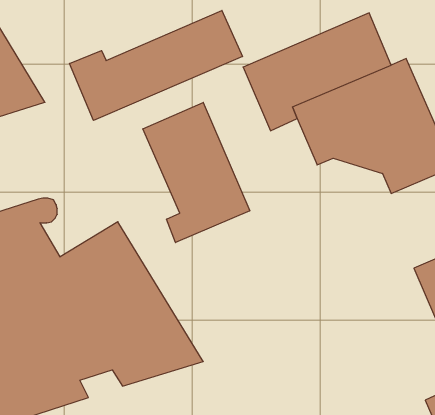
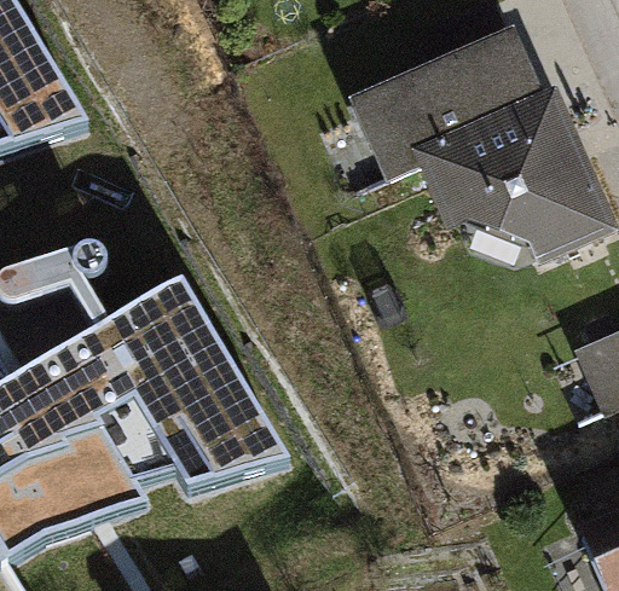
building: [70,10,242,120] -> none
building: [143,102,250,243] -> none

